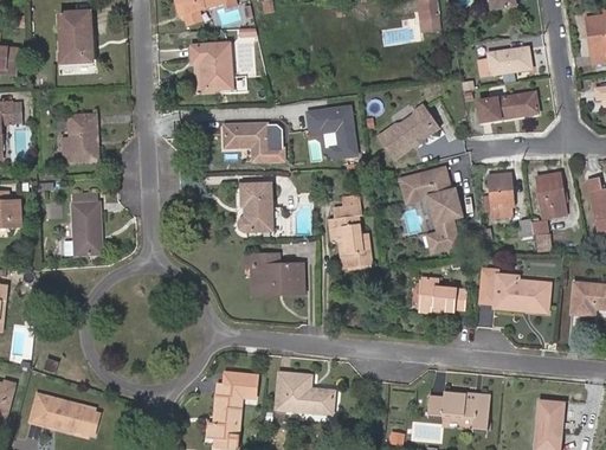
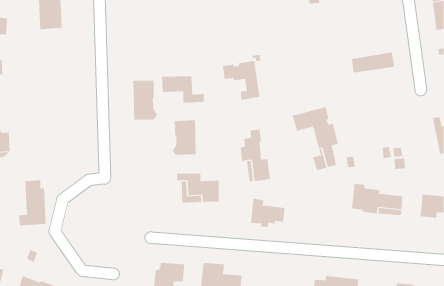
building: [191,44,231,90] -> none
building: [478,47,530,75] -> none
building: [379,104,437,156] -> none
building: [63,115,97,161] -> none
building: none -> [133,80,157,120]
building: [482,173,512,217] -> none
building: [536,174,565,218] -> none
building: [64,193,102,255] -> [18,180,47,226]
building: [418,277,465,316] -> [250,198,285,227]

